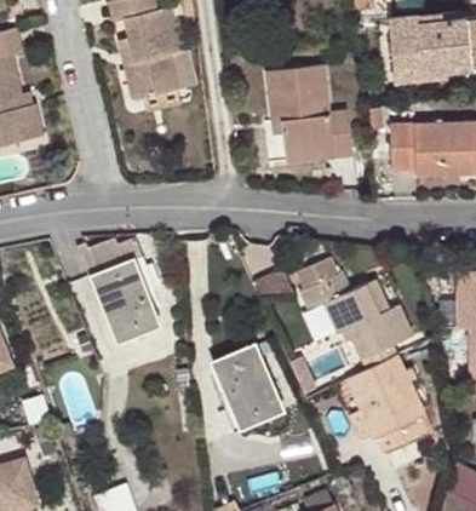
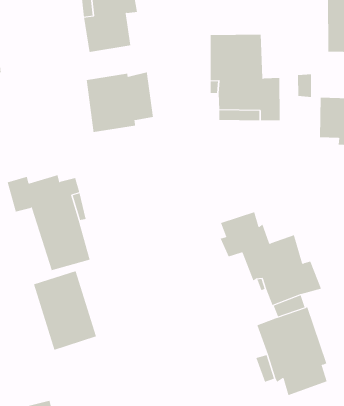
building: none -> [86,72,154,133]
building: [211,343,285,431] -> [33,270,97,350]

